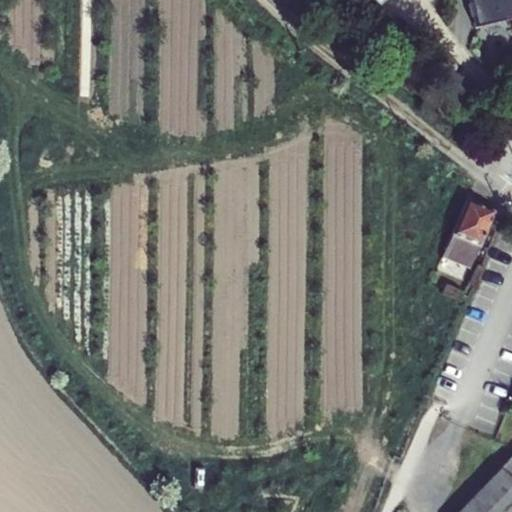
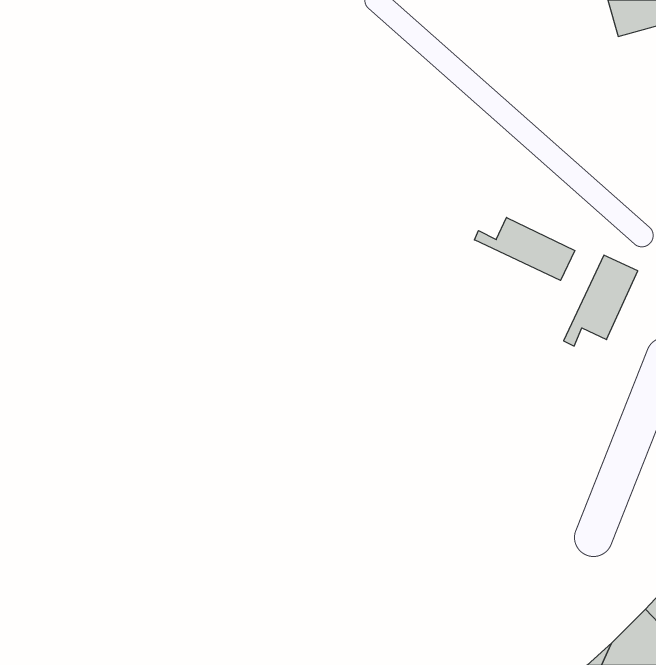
building: none -> [474,217,575,280]

